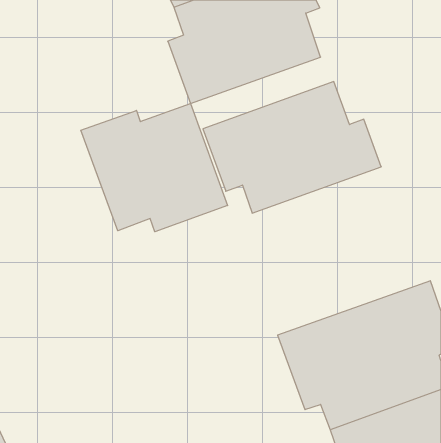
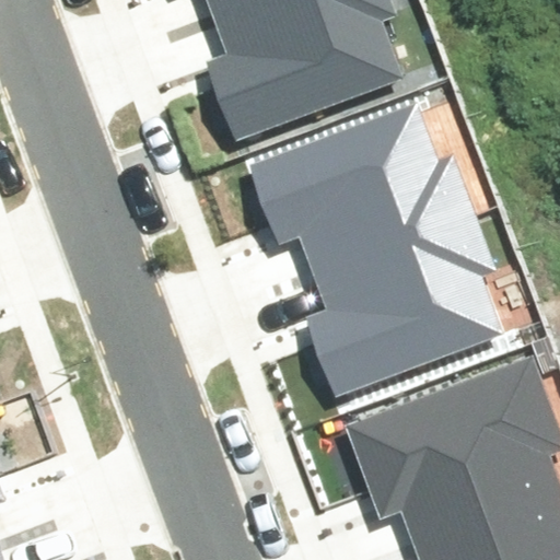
building: [81,104,228,232] -> none
building: none -> [306,214,498,393]

